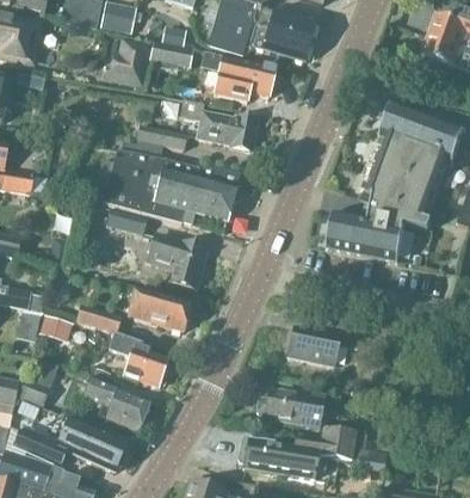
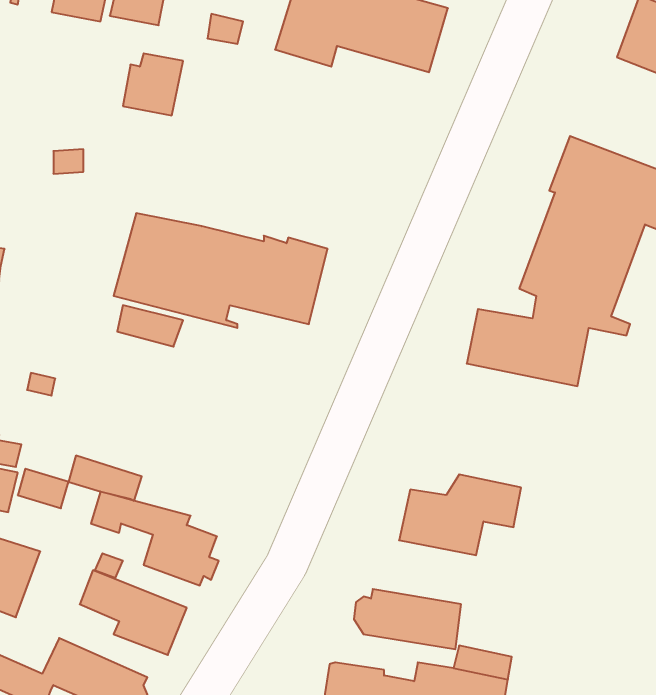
building: [149,41,193,68] -> none
building: [215,56,276,99] -> none
building: [179,99,259,150] -> none
building: [134,125,188,159] -> none
building: [147,235,205,288] -> none
building: [126,287,191,331] -> none

